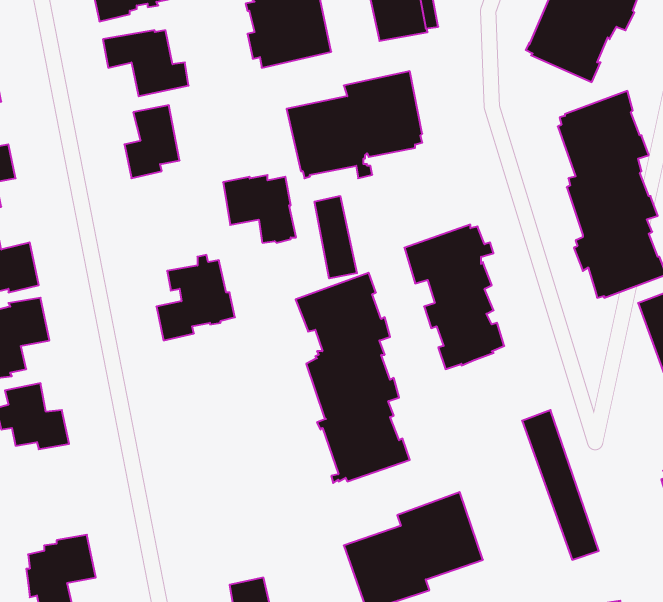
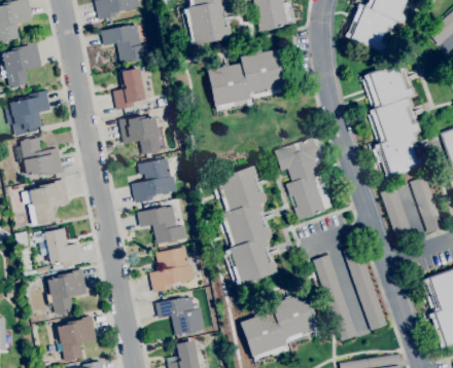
building: [223,175,296,243] -> [119,115,162,154]
building: [315,196,357,278] -> none
building: none -> [380,186,414,243]
building: none -> [137,206,187,244]
building: none -> [149,247,196,292]
building: none -> [313,254,357,341]
building: none -> [47,268,88,315]
building: none -> [155,297,206,335]

